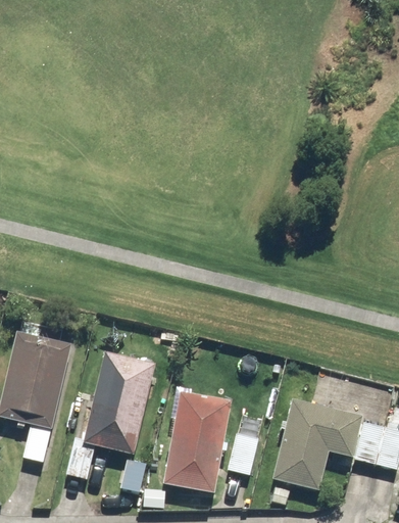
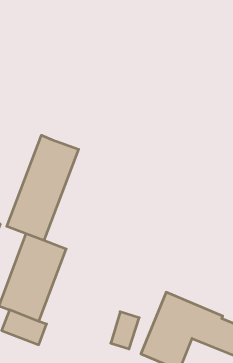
building: none -> [7,135,79,240]
building: [164,392,230,490] -> none

